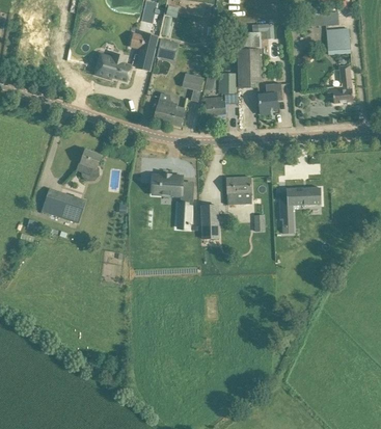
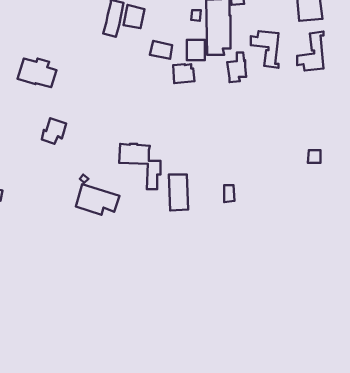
building: [93,54,132,82] -> [17,59,57,87]
building: none -> [251,31,278,68]
building: [154,92,184,125] -> none
building: [225,177,251,206] -> none
building: [278,187,321,227] -> none
building: [42,189,84,219] -> [76,184,119,215]

